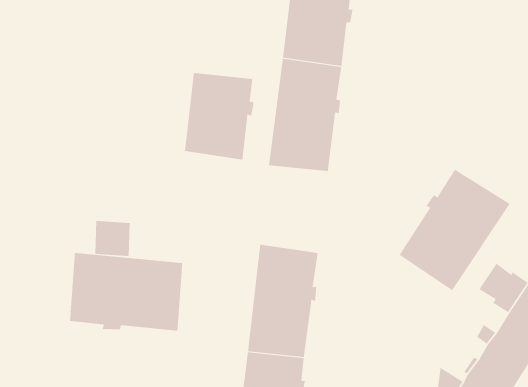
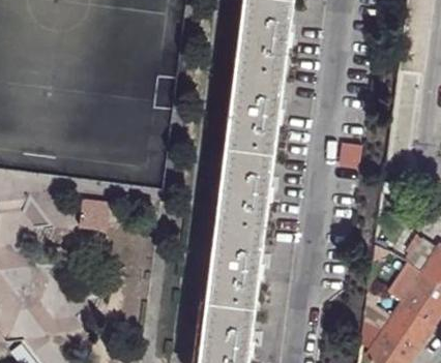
building: [184,73,254,160] -> [216,154,274,226]
building: [399,169,511,291] -> none
building: [70,252,183,332] -> none

